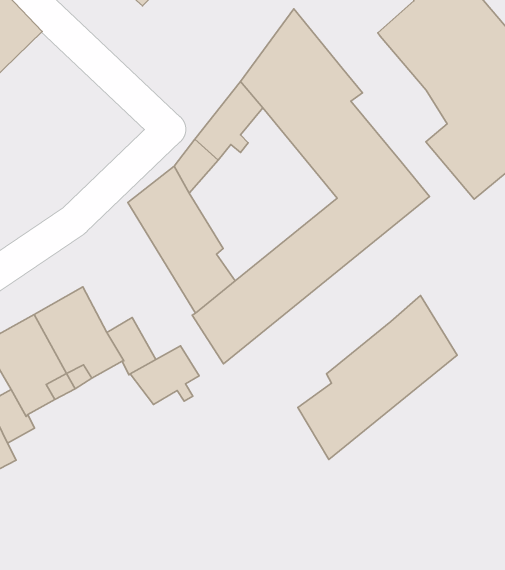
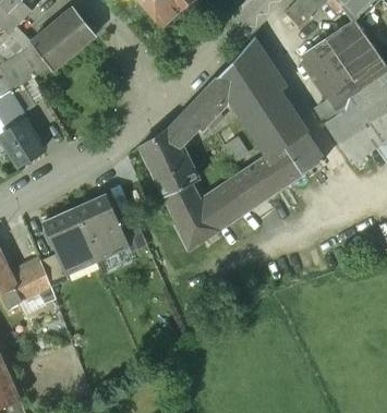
building: [298,296,457,459] -> none
building: [130,346,199,405] -> none

